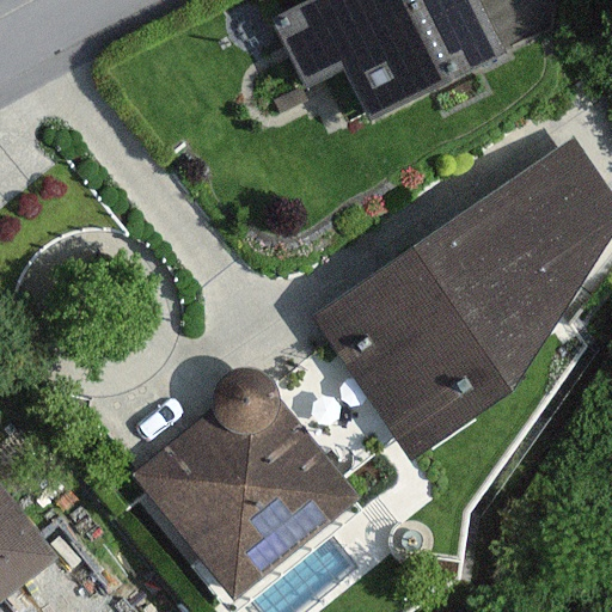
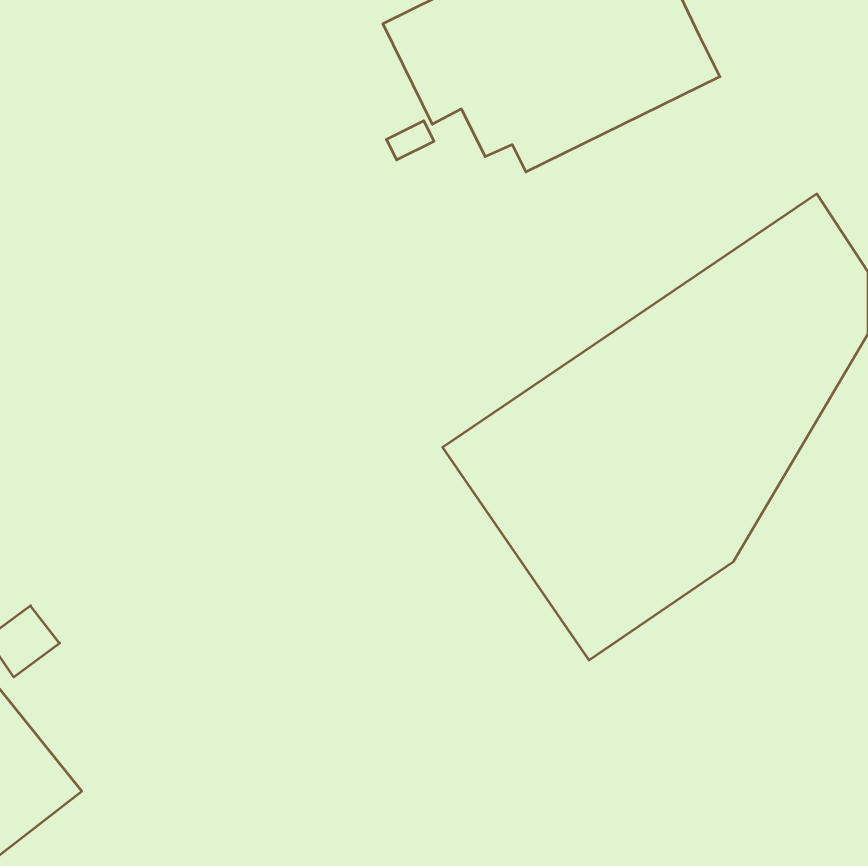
building: [131,365,360,599] -> none

